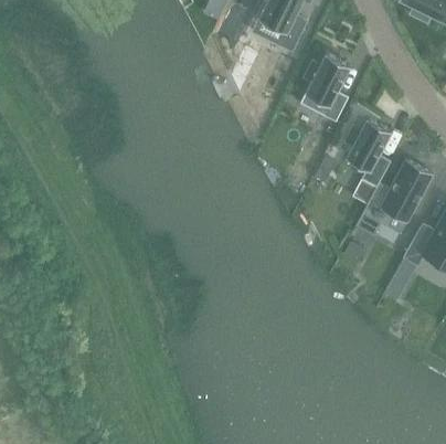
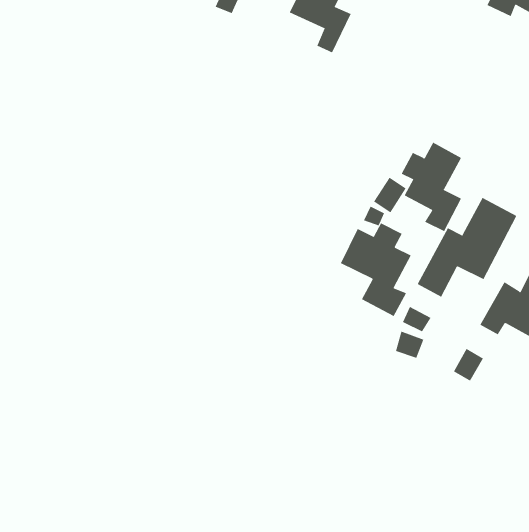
building: [300,55,349,123] -> none
building: none -> [340,223,411,317]

